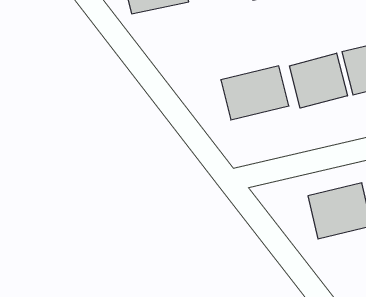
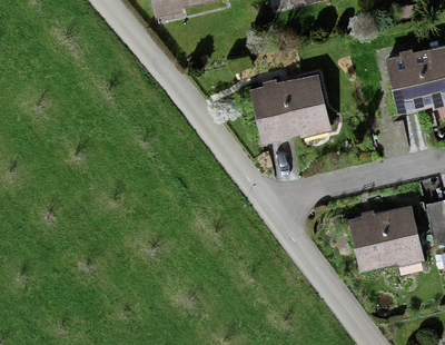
building: [290,53,347,108] -> none

